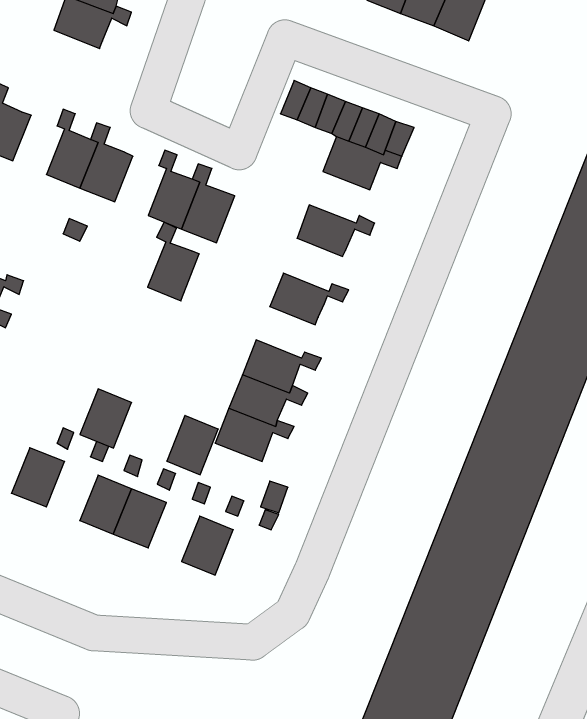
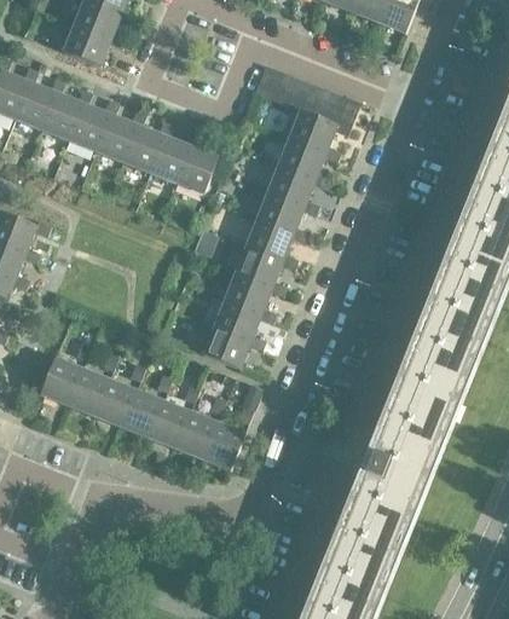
building: none -> [60,24,125,65]
building: none -> [40,76,81,139]
building: none -> [276,137,339,178]
building: [148,222,199,301] -> [121,109,162,172]
building: none -> [255,190,318,232]
building: none -> [233,244,296,285]
building: [80,389,132,448] -> [66,368,108,415]
building: [167,415,218,475] -> [148,400,189,447]
building: none -> [201,422,243,469]

